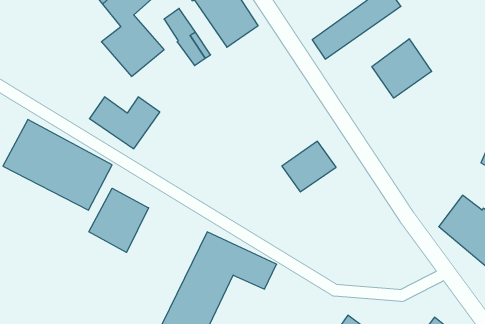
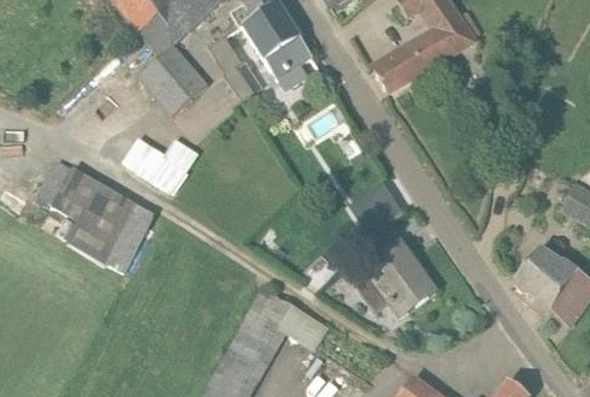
building: [372,39,432,98] -> none
building: [89,188,149,252] -> none
building: none -> [356,239,429,313]

